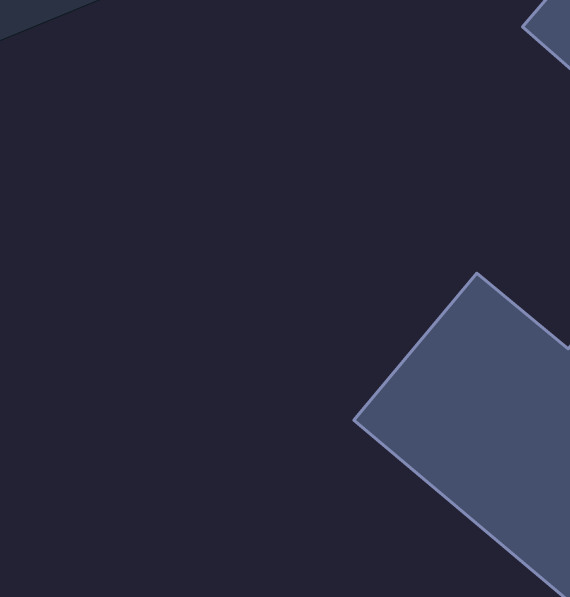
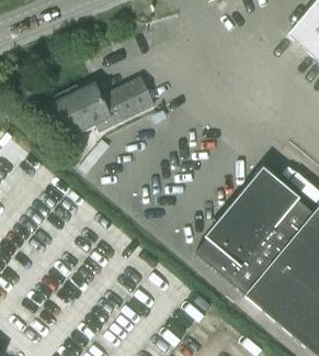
building: none -> [48,77,156,138]

